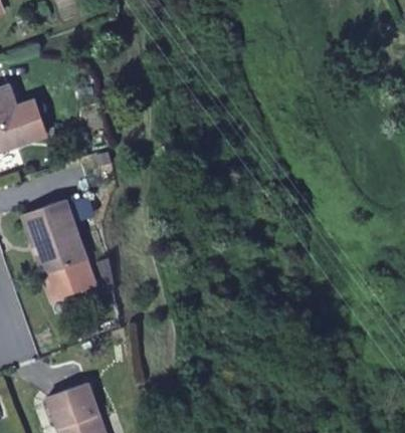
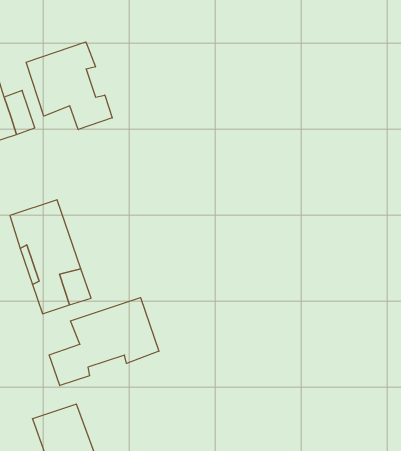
building: none -> [26,42,112,130]
building: none -> [49,298,159,386]

